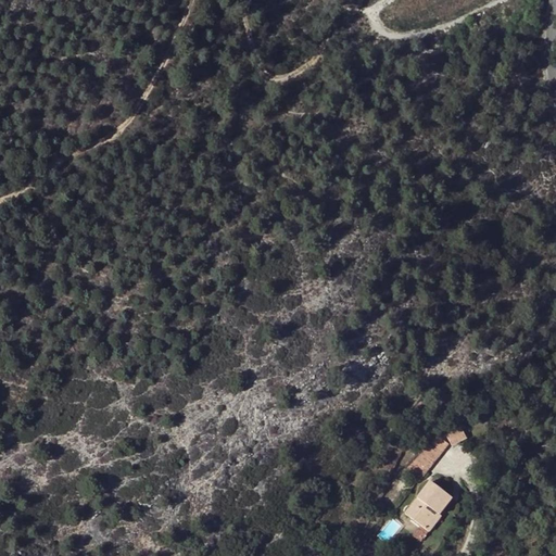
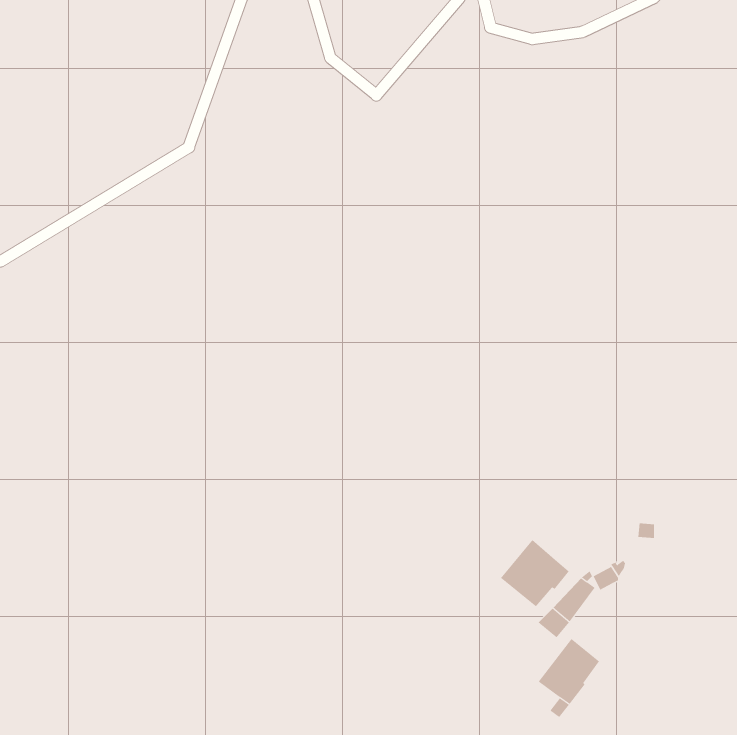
building: none -> [500,539,569,607]

